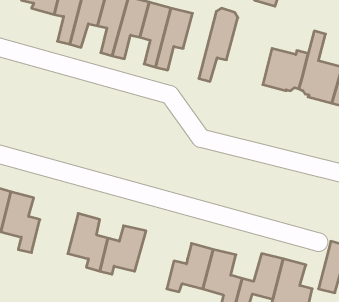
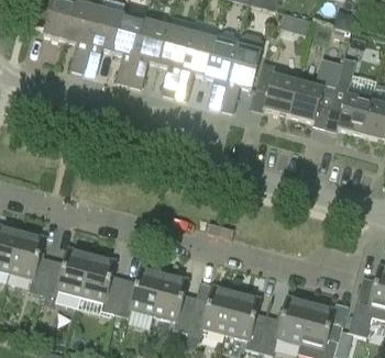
building: none -> [204,30,239,108]
building: none -> [255,61,298,114]
building: none -> [42,246,91,298]
building: none -> [152,270,194,332]

